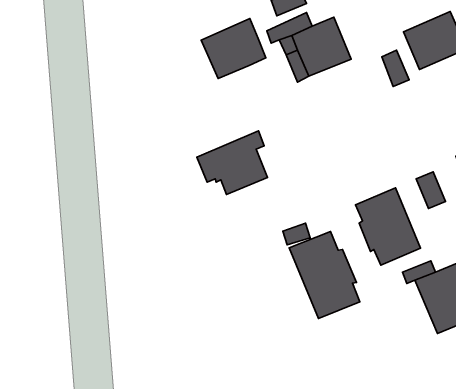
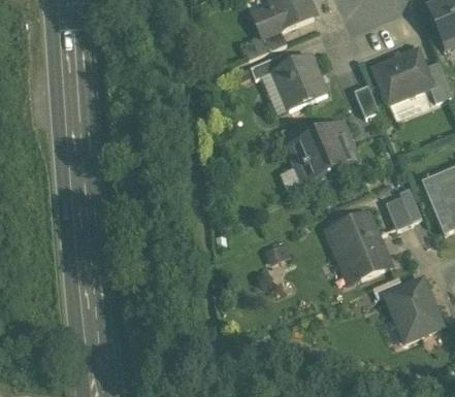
building: [201,18,266,78] -> none
building: [197,131,268,195] -> [288,122,352,179]
building: [289,231,360,318] -> none

